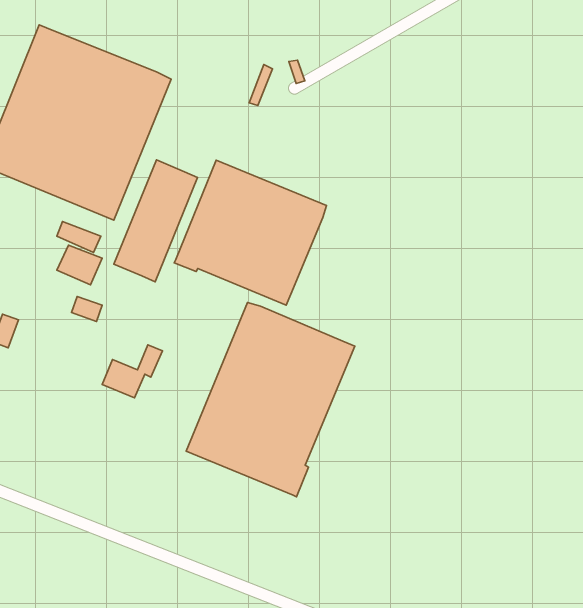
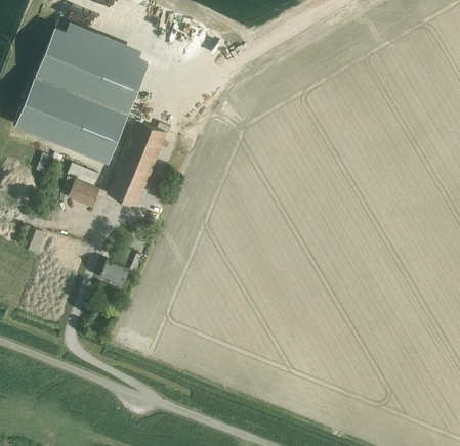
building: [174,160,327,305] -> none
building: [186,302,355,497] -> none

